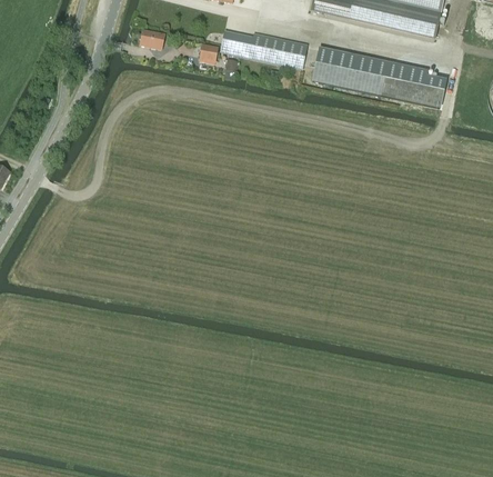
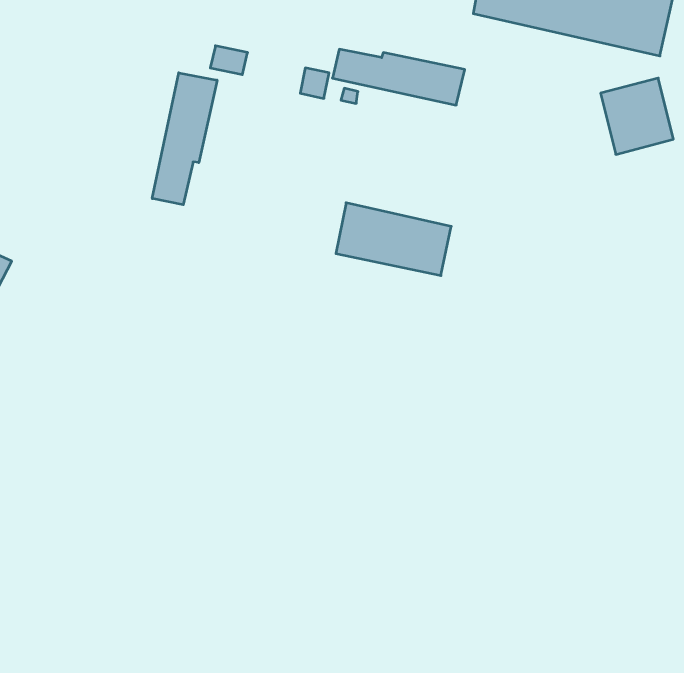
building: none -> [152,73,217,205]
building: [312,48,388,96] -> [336,203,451,276]

